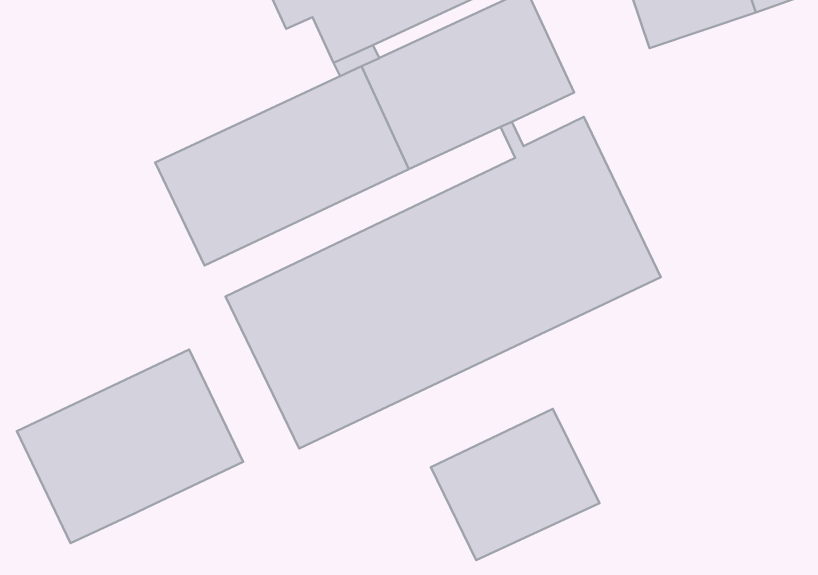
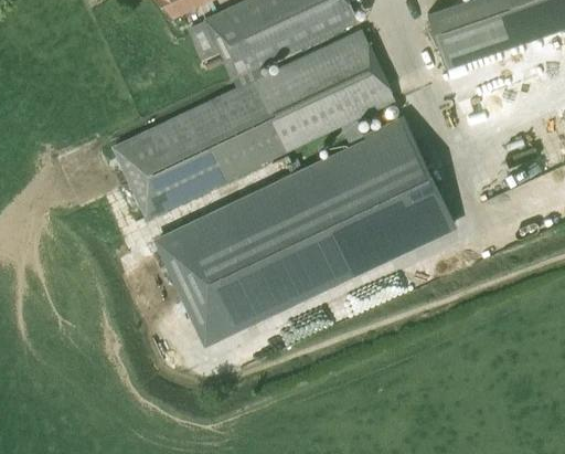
building: [17,349,243,543] -> none
building: [431,409,599,560] -> none

